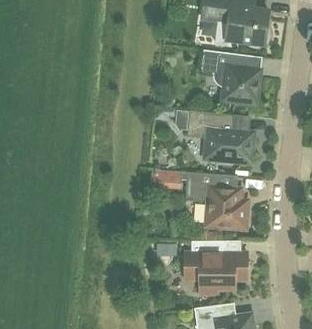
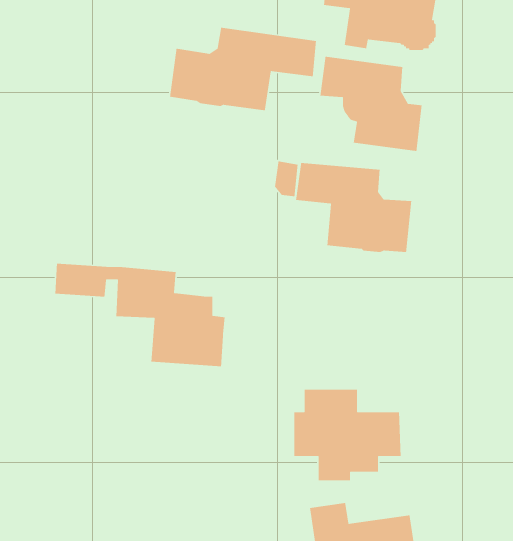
building: none -> [169,27,317,111]
building: [150,169,248,229] -> [54,263,225,367]

